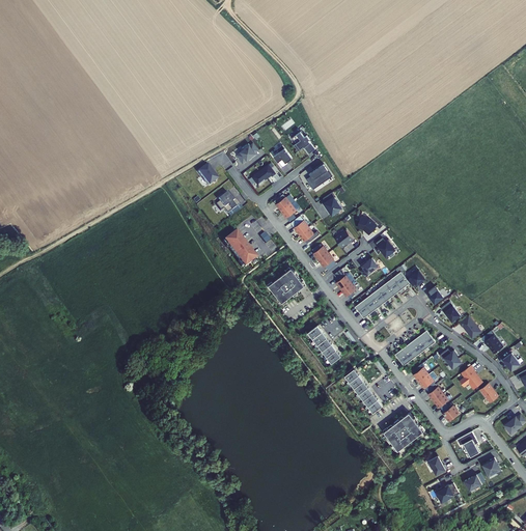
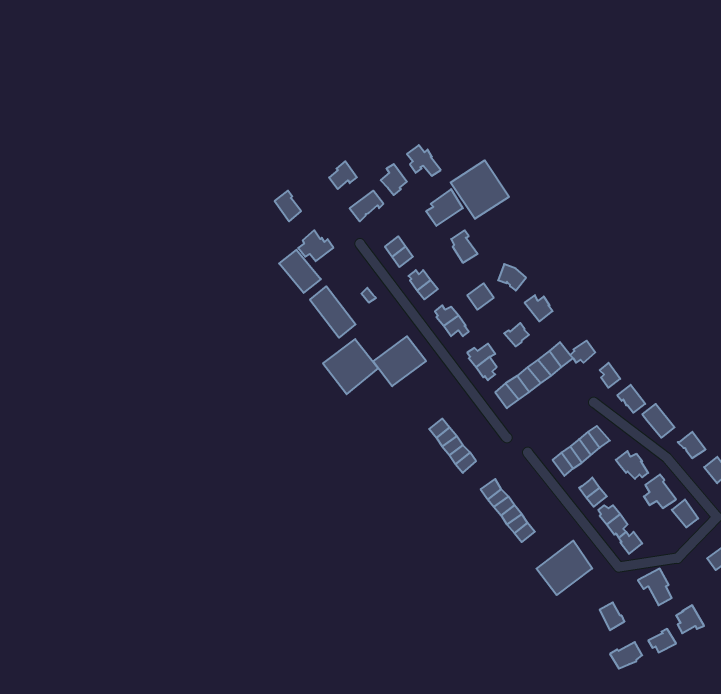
building: none -> [451,160,509,219]
building: none -> [279,250,321,293]
building: none -> [323,339,378,394]

